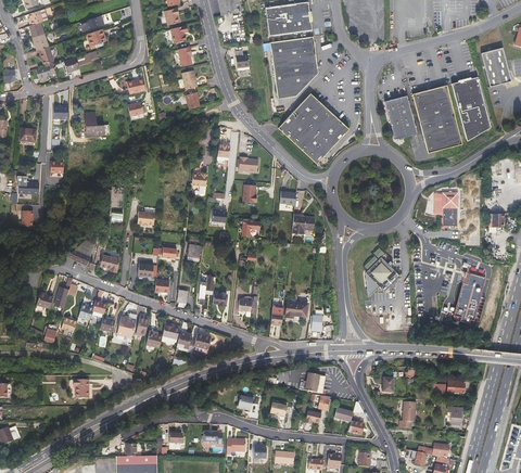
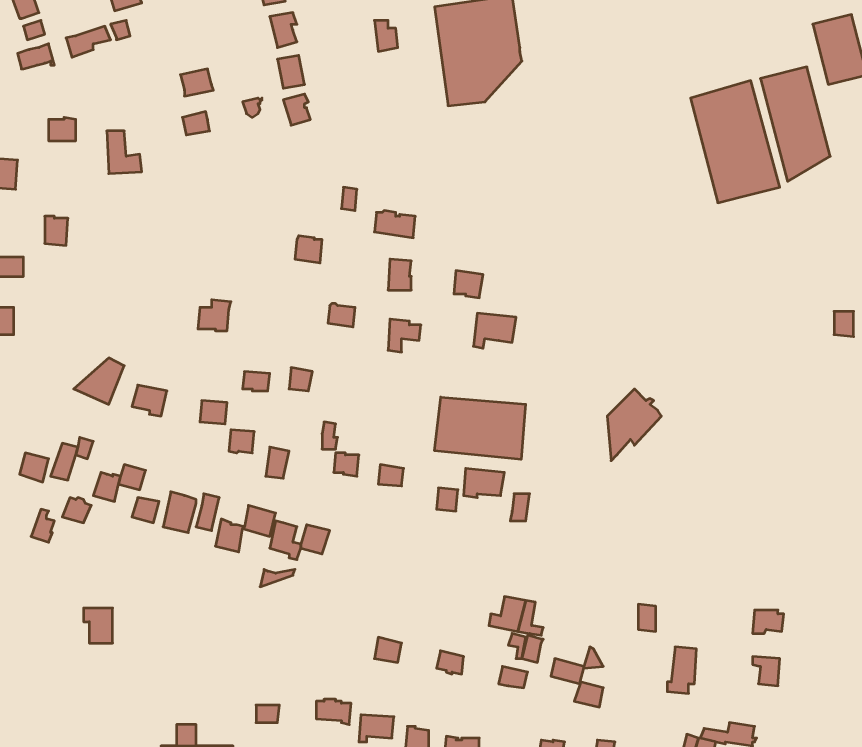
building: [278,92,350,163] -> none
building: [384,94,417,138] -> none
building: [434,191,458,225] -> none
building: none -> [435,397,526,459]
building: [453,272,485,322] -> none

